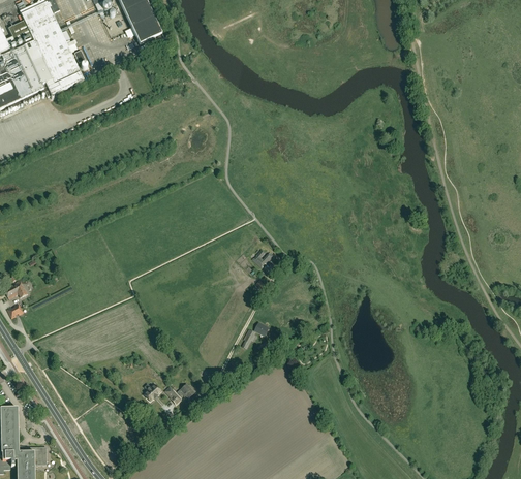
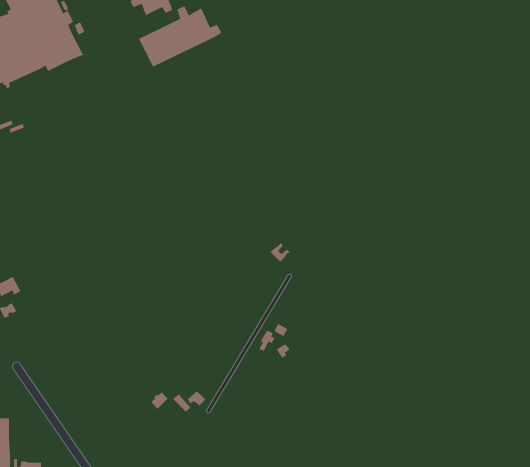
building: none -> [138,6,222,68]

